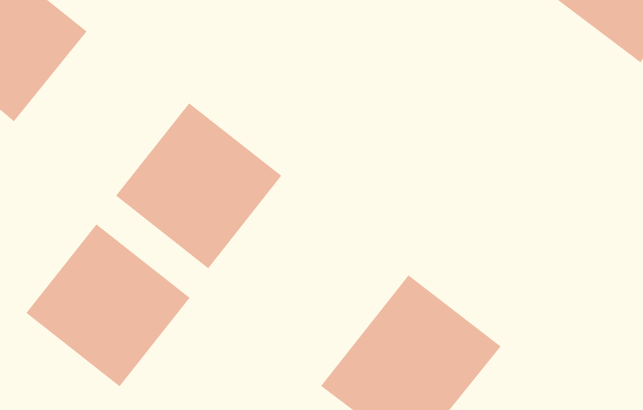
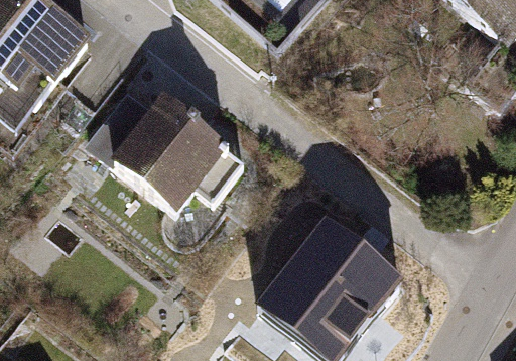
building: [26,223,190,387] -> none

